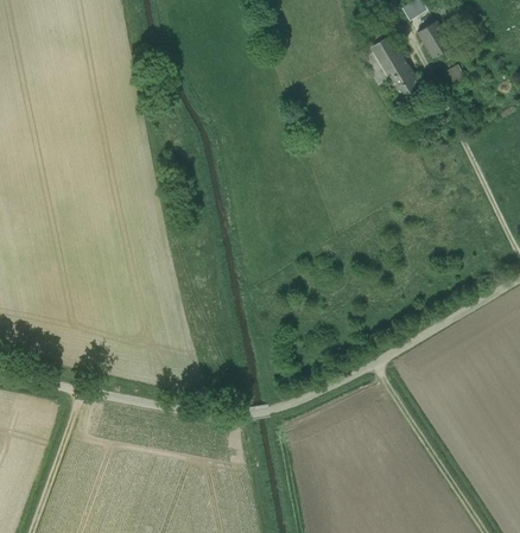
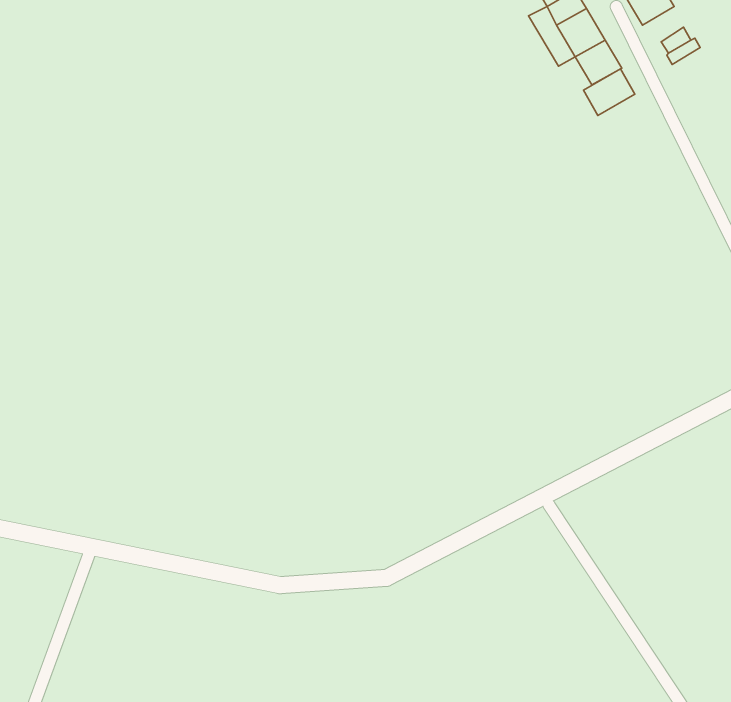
building: none -> [584,69,635,116]

